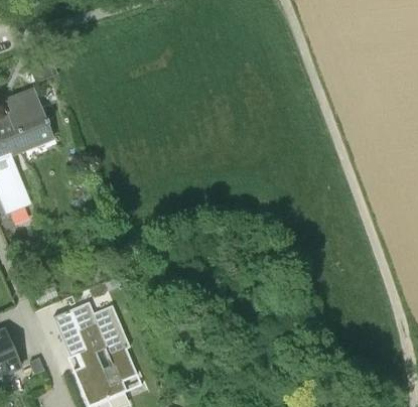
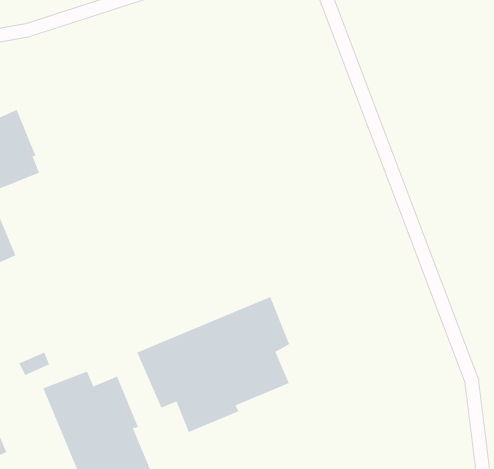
building: none -> [136,296,290,433]

